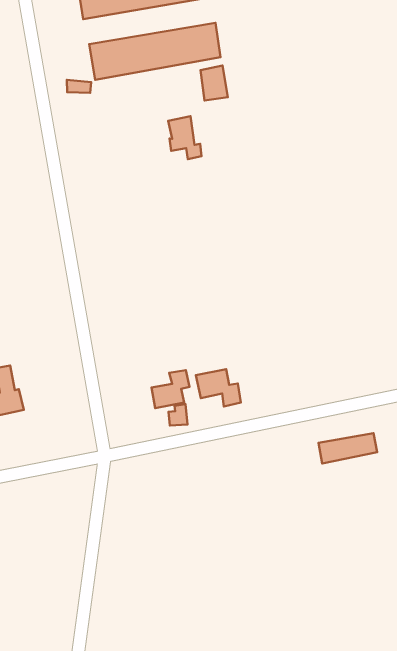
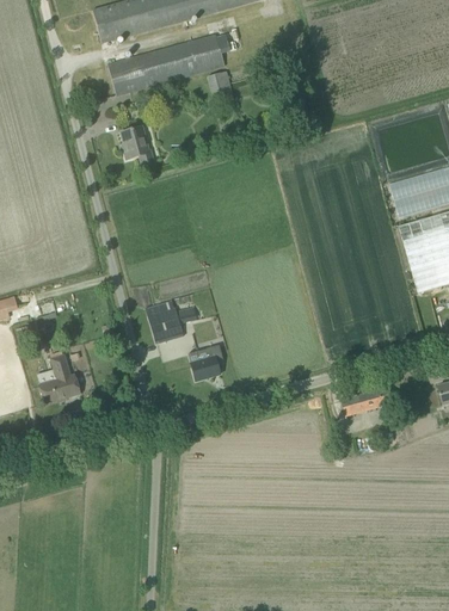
building: [168,116,202,159] -> [121,125,153,163]
building: none -> [144,304,183,341]
building: [196,369,241,406] -> none

